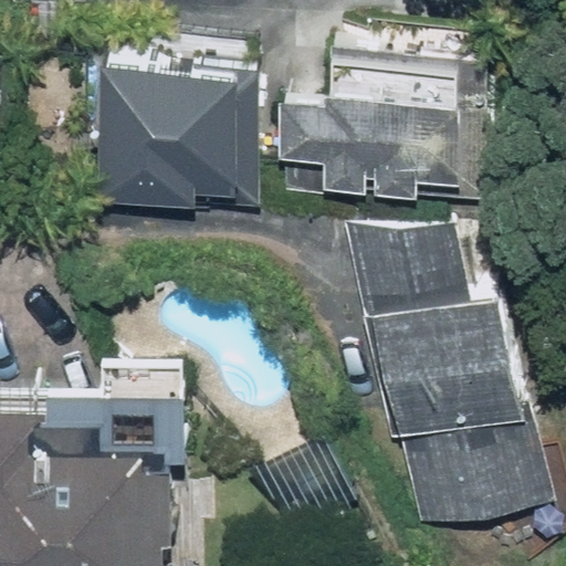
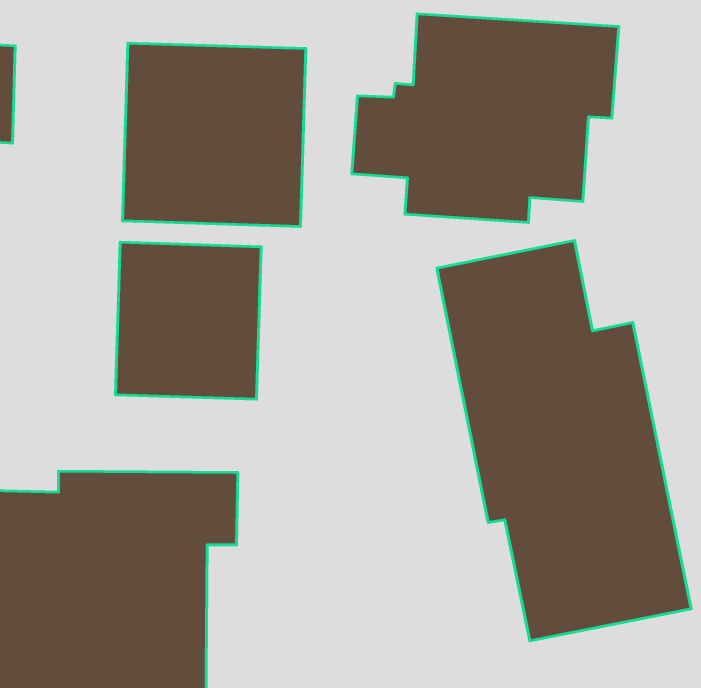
building: none -> [115,242,261,399]

